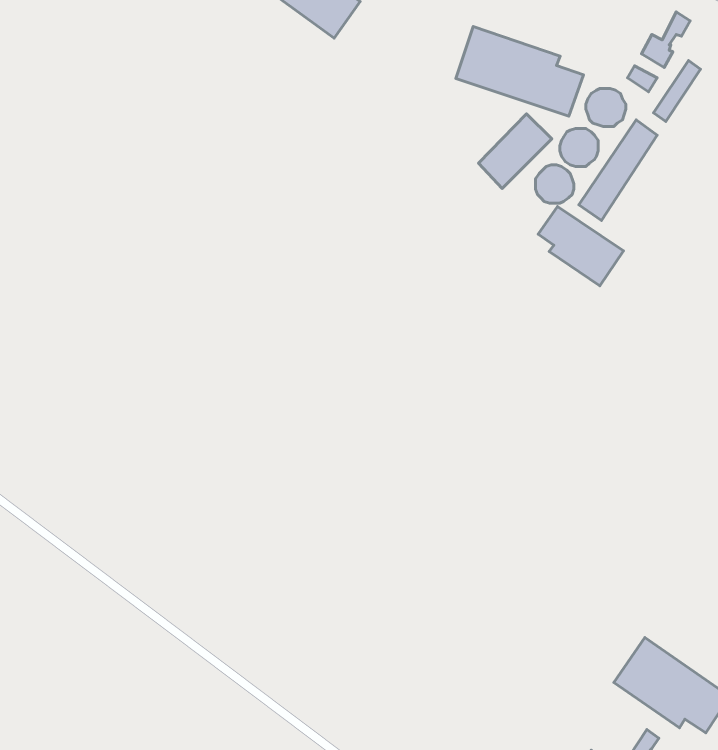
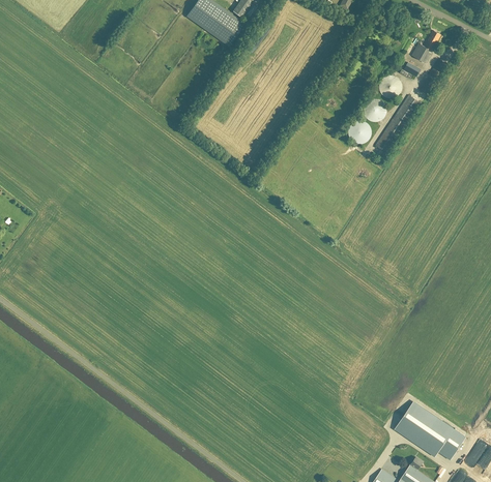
building: [456,27,584,116] -> none
building: [478,114,552,188] -> none
building: [538,207,623,286] -> none

